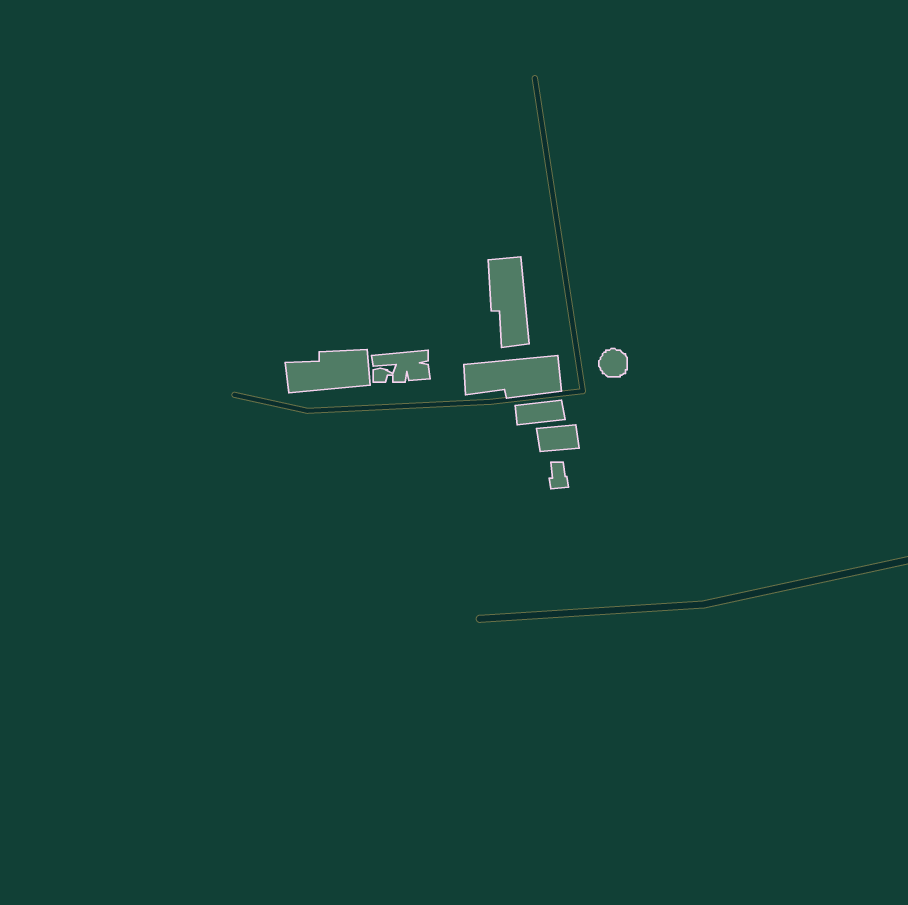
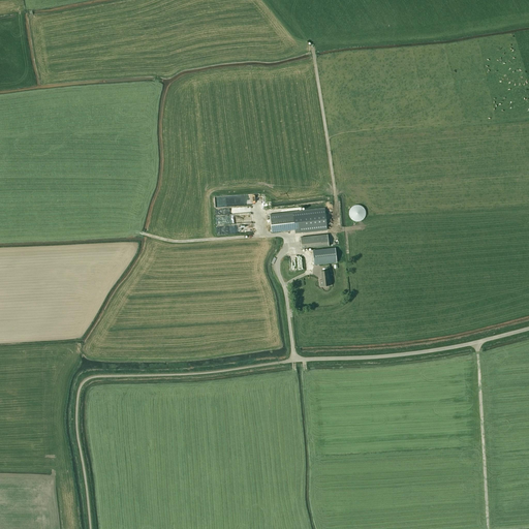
building: [488,257,529,347] -> none
building: [285,349,370,393] -> none

